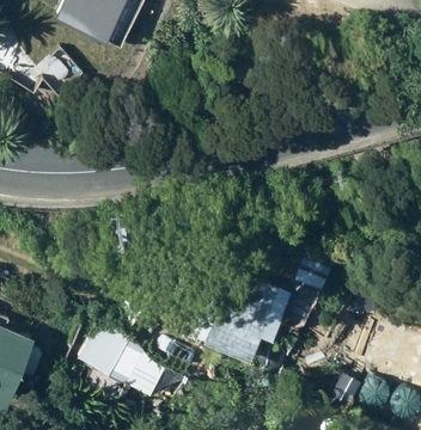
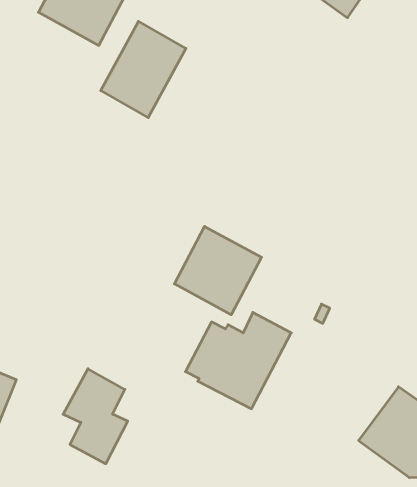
building: none -> [101,21,186,118]
building: none -> [174,226,262,315]

